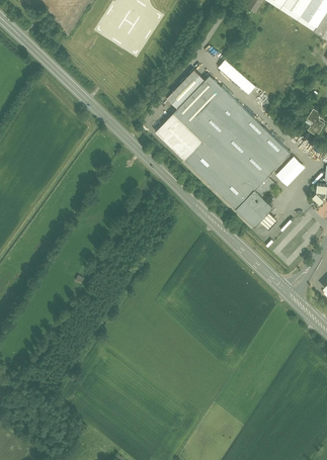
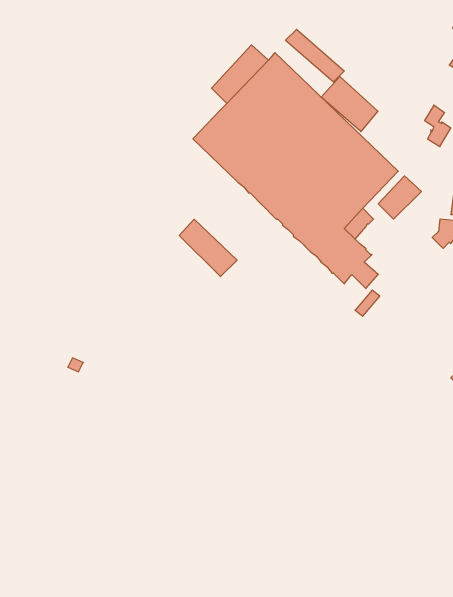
building: none -> [321,77,378,132]
building: none -> [179,219,237,277]

